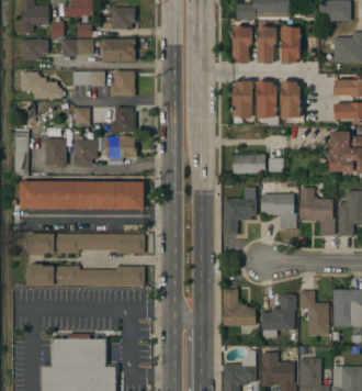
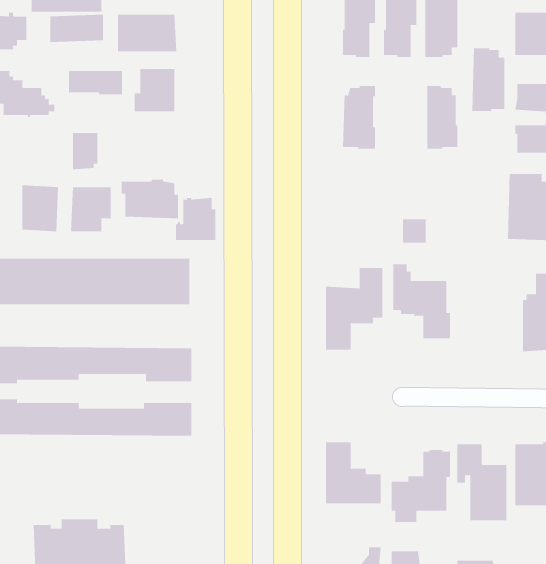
building: [257,80,276,118] -> [471,48,505,112]
building: [111,107,135,132] -> [175,197,216,241]
building: [233,155,265,172] -> none
building: [299,188,335,235] -> none

